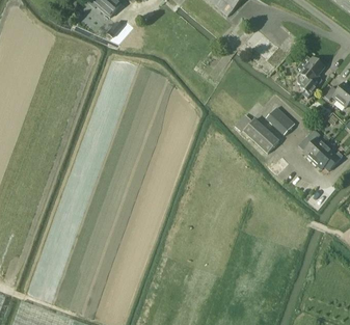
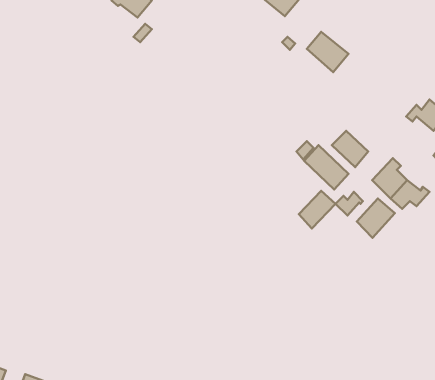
building: [297,57,324,98] -> none
building: none -> [299,191,336,228]
building: none -> [357,199,395,238]

